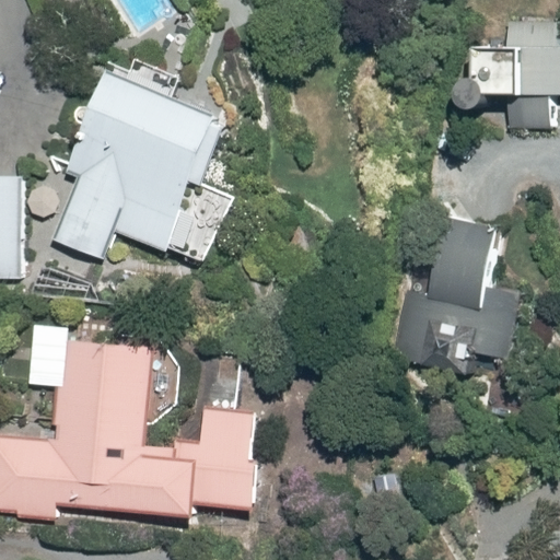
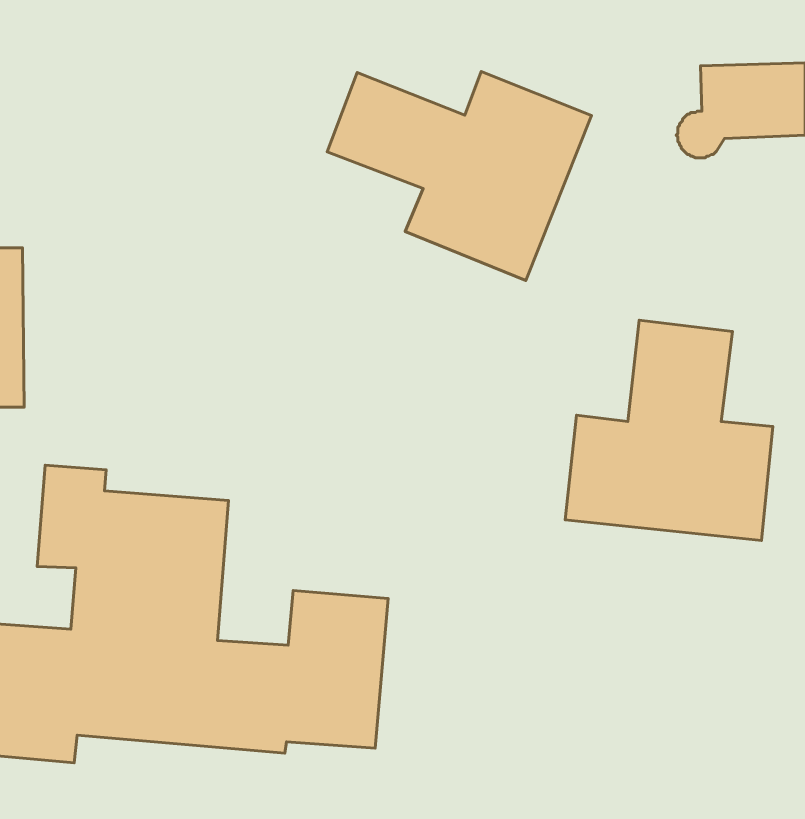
building: none -> [327,71,592,280]
building: [49,74,226,261] -> none

